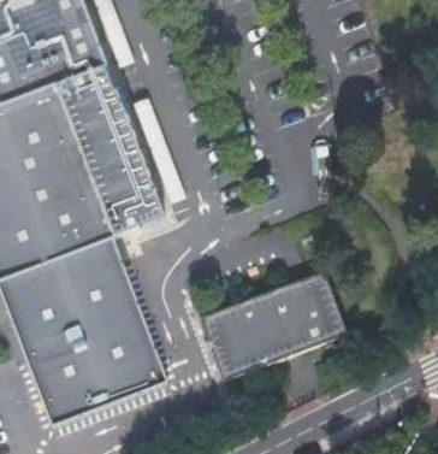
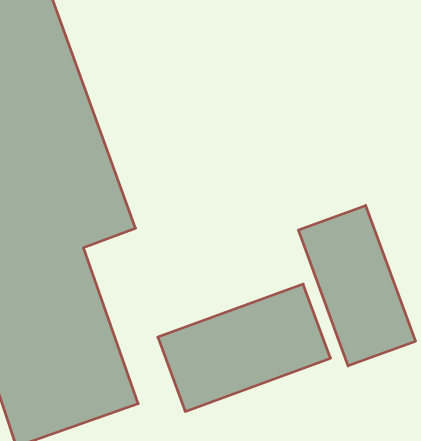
building: none -> [298,205,415,366]

